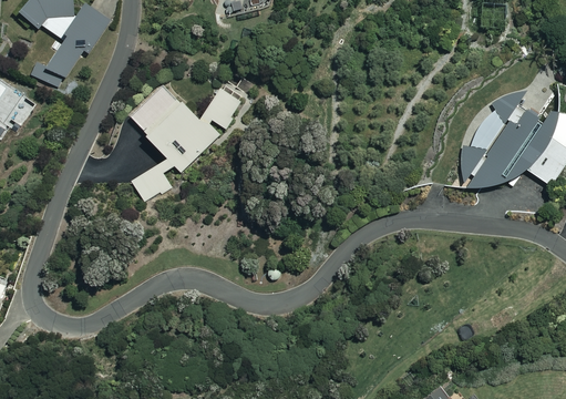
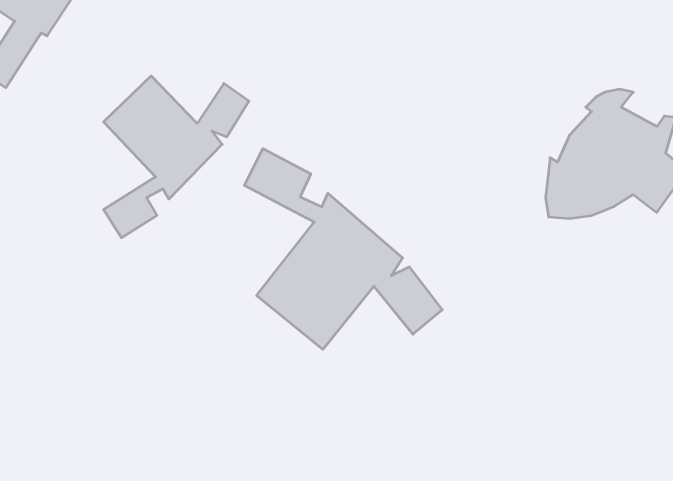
building: none -> [244,149,442,349]

